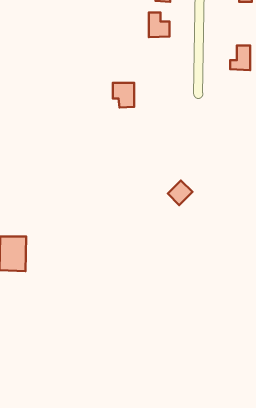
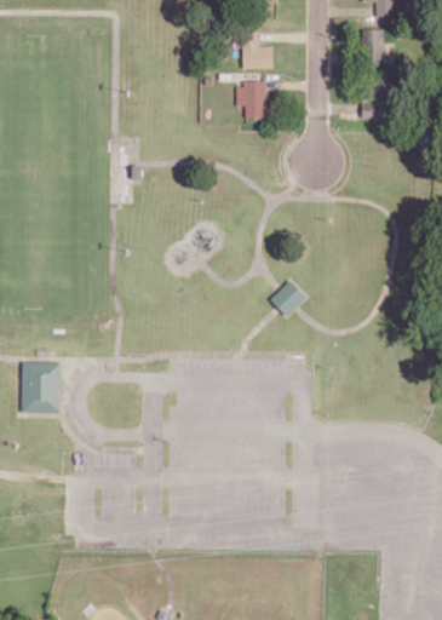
building: none -> [362,28,384,65]
building: [113,83,134,108] -> [236,82,268,119]

